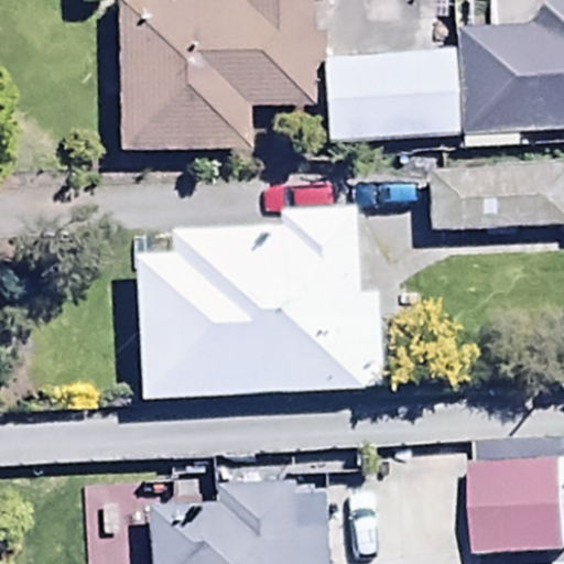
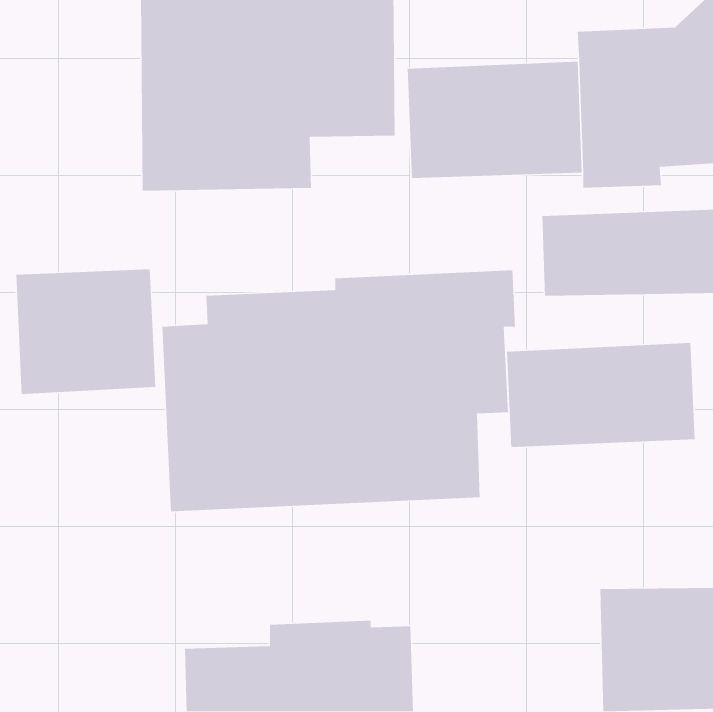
building: none -> [15,269,156,395]
building: none -> [506,342,696,448]

